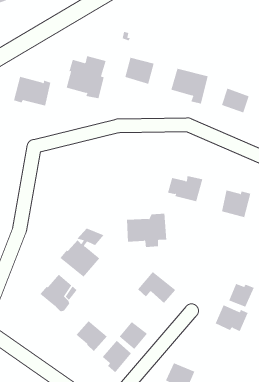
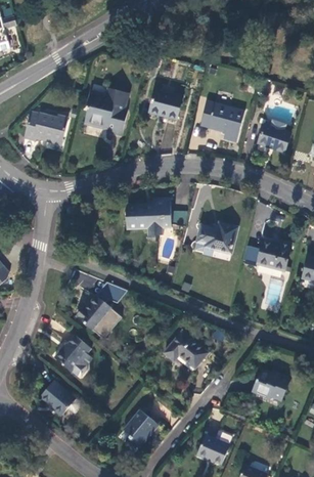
building: [126,213,167,247] -> [126,196,172,234]
building: [228,283,254,308] -> none
building: [76,320,107,352] -> [39,380,75,416]
building: [119,321,148,350] -> none

